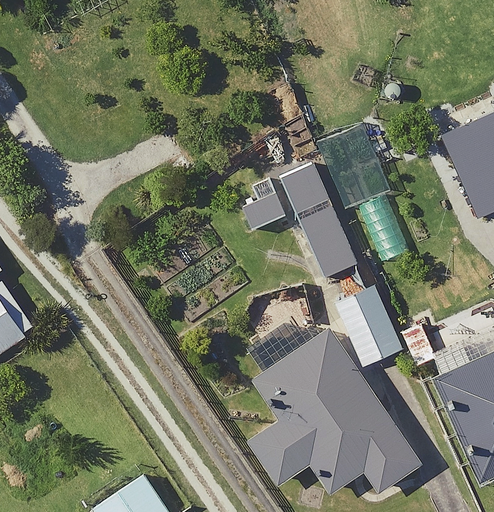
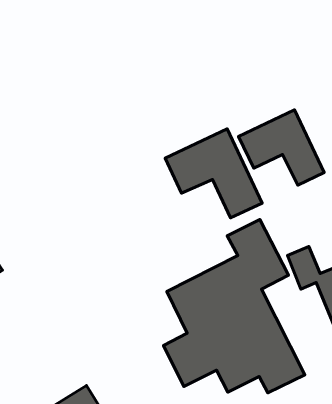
building: none -> [238,110,324,185]

